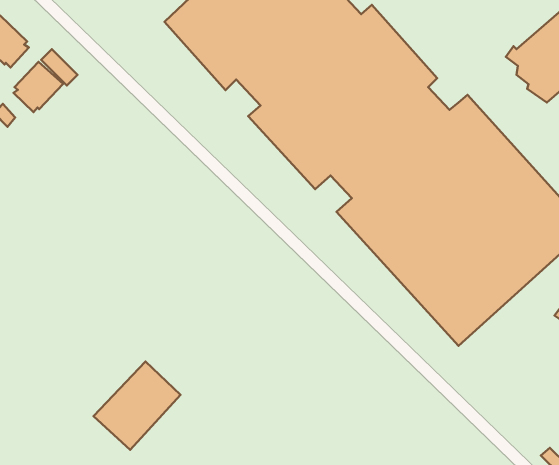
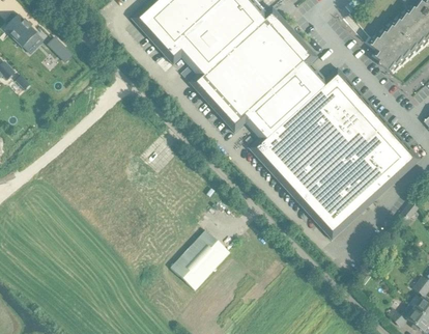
building: [14,62,63,112] -> none
building: [94,361,180,450] -> [169,229,228,289]

